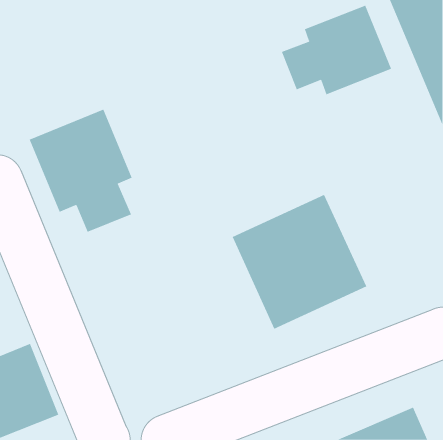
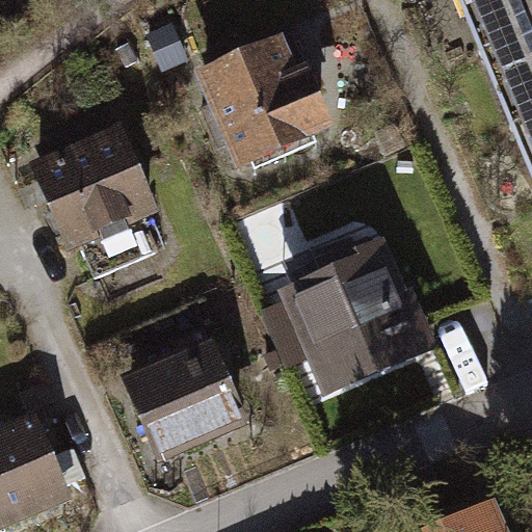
building: [281,5,392,95] -> none
building: none -> [202,43,332,176]
building: none -> [115,329,247,460]

